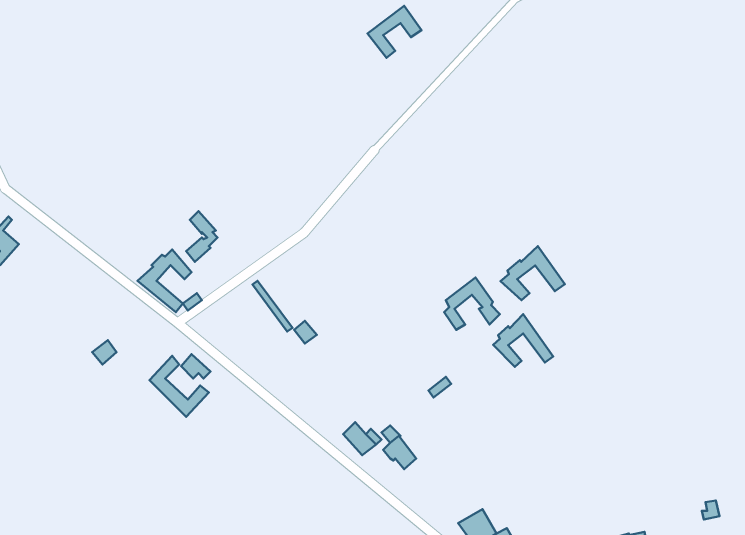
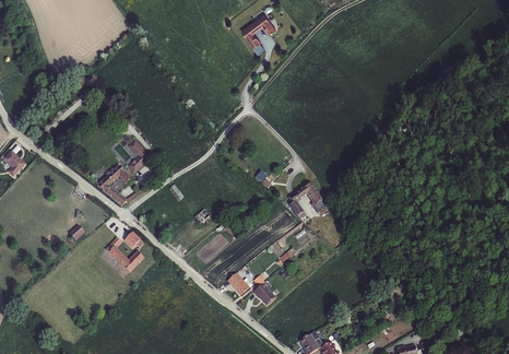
building: [501,246,565,300] -> none
building: [493,314,553,367] -> none

